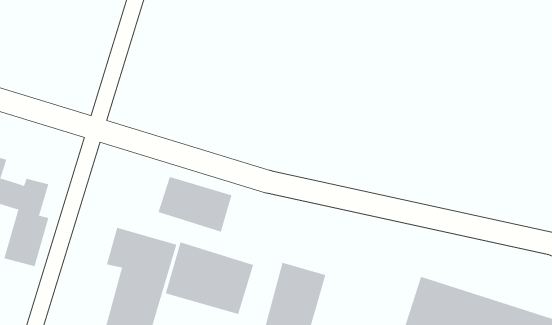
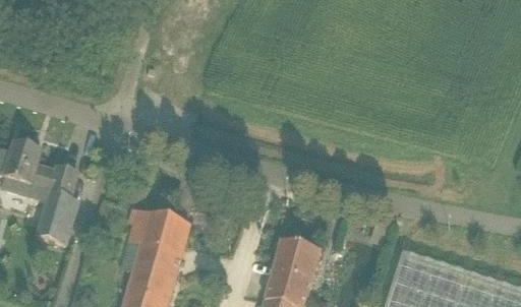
building: [158,176,232,233] -> none
building: [165,241,254,315] -> none

